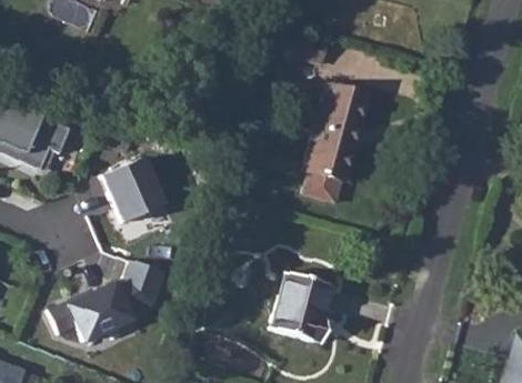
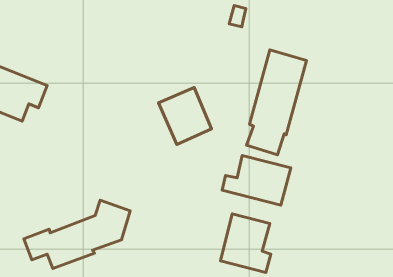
building: [103,159,164,224] -> [158,87,212,144]
building: none -> [222,155,291,205]

